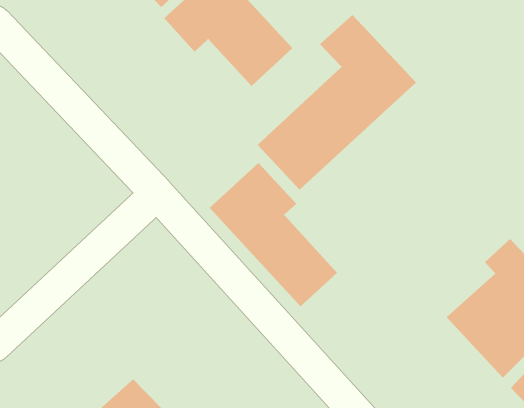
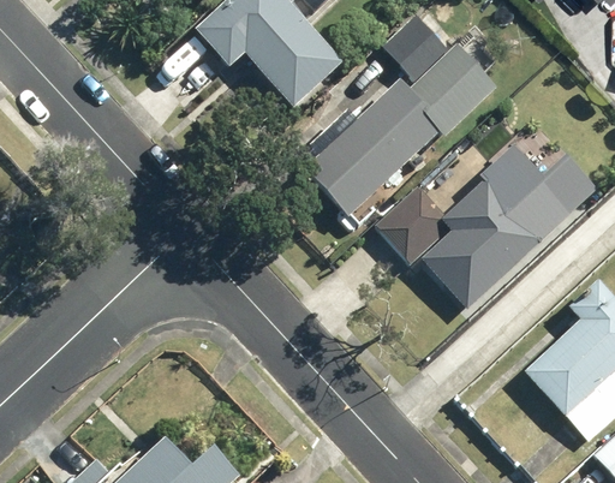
building: none -> [376,121,598,308]
building: [209,162,338,307] -> none

